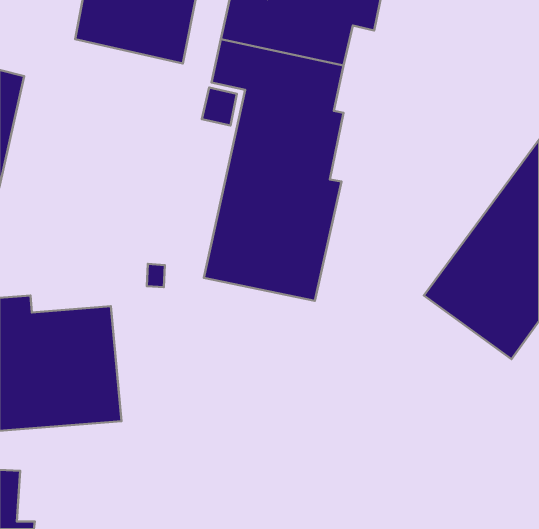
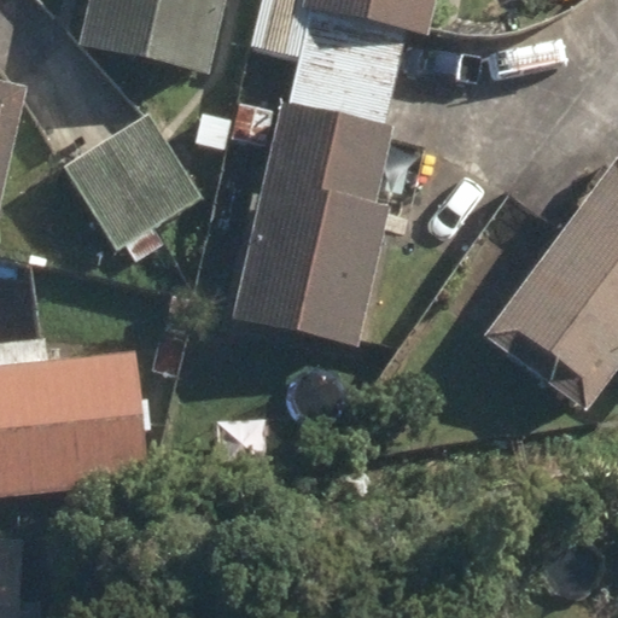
building: none -> [62,112,200,251]

